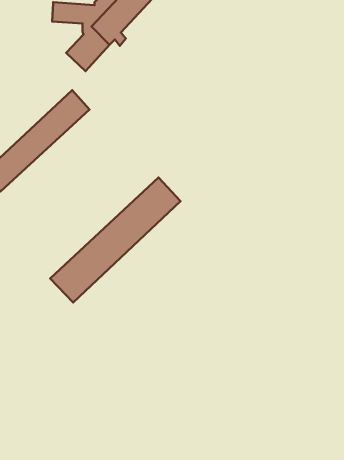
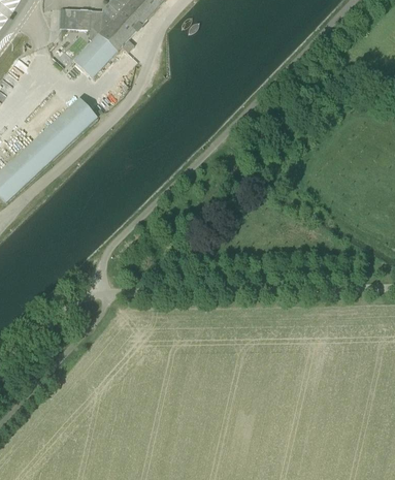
building: [50,177,180,302] -> none

